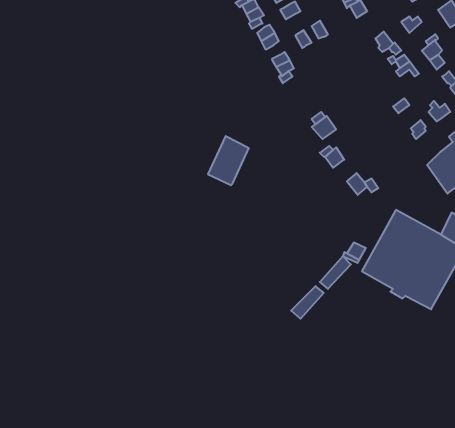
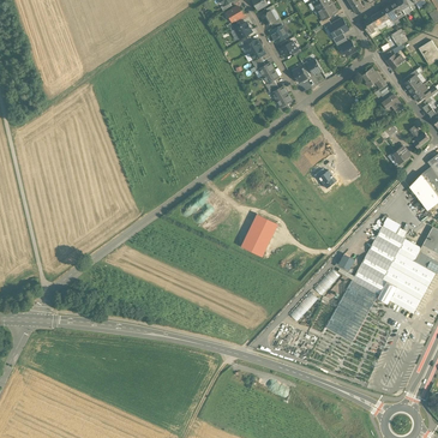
building: [208,136,249,185] -> [241,212,277,256]
building: none -> [326,278,378,341]

